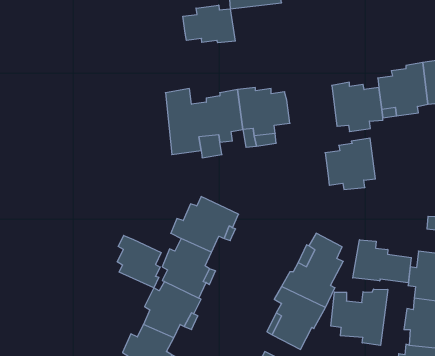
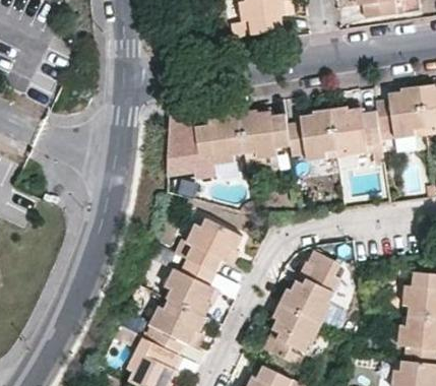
building: [183,5,235,43] -> none
building: [325,138,375,189] -> [287,109,335,158]
building: [117,235,161,288] -> none
building: [353,240,411,283] -> none
building: [331,289,388,345] -> none

